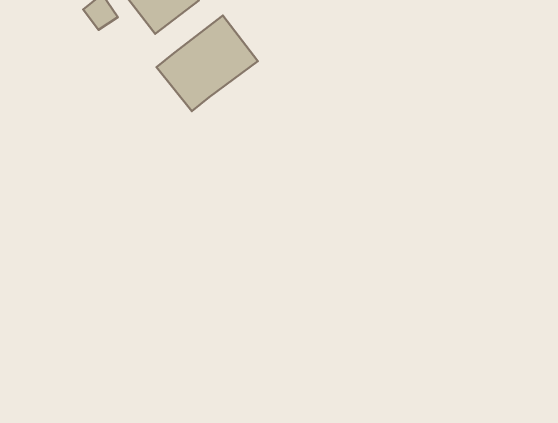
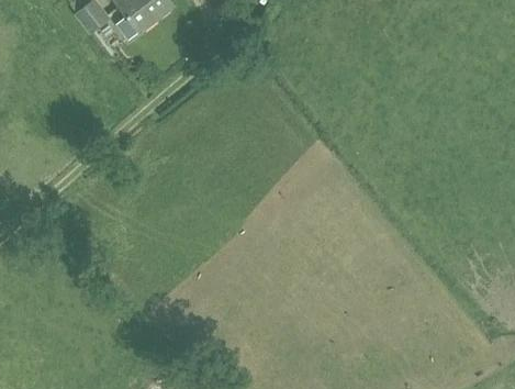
building: [156,16,258,111] -> none

